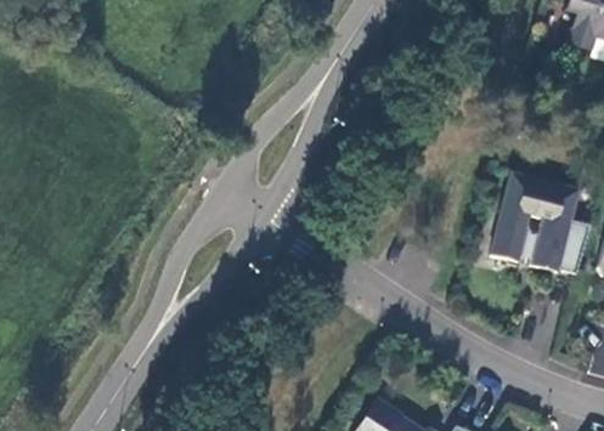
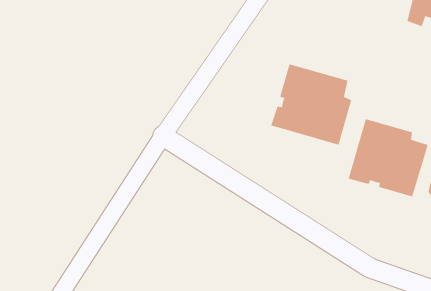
building: none -> [271,64,352,146]

